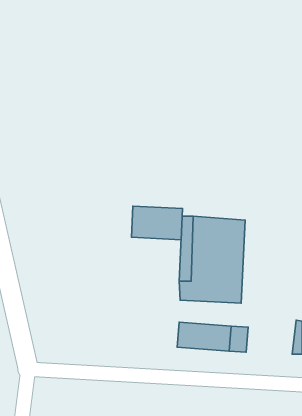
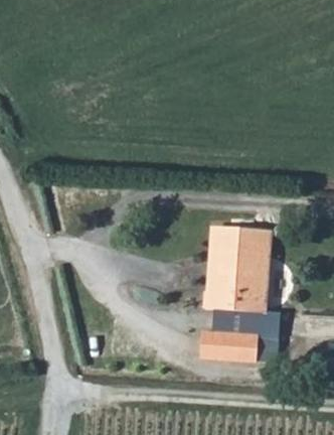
building: [131,206,183,240] -> none

